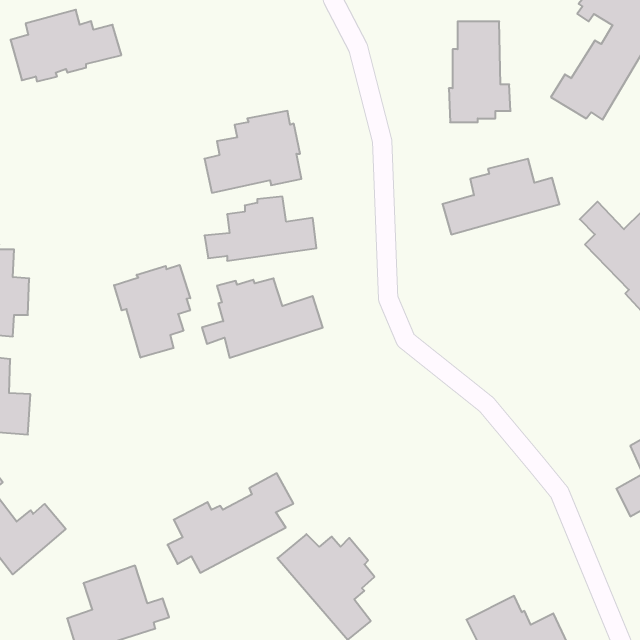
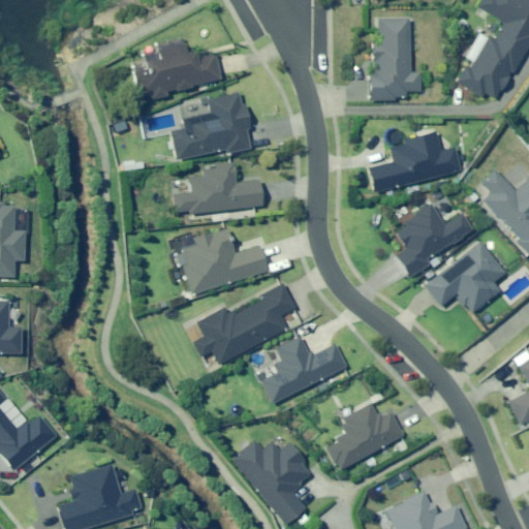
building: [10,10,121,81] -> [130,40,221,99]
building: none -> [395,203,472,277]
building: [114,265,190,358] -> none
building: none -> [425,240,505,310]
building: none -> [259,336,347,404]
building: [167,473,293,573] -> [191,283,294,365]
building: none -> [325,401,403,469]

